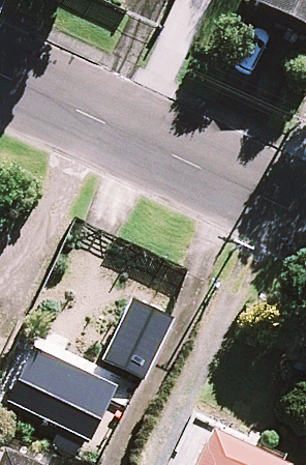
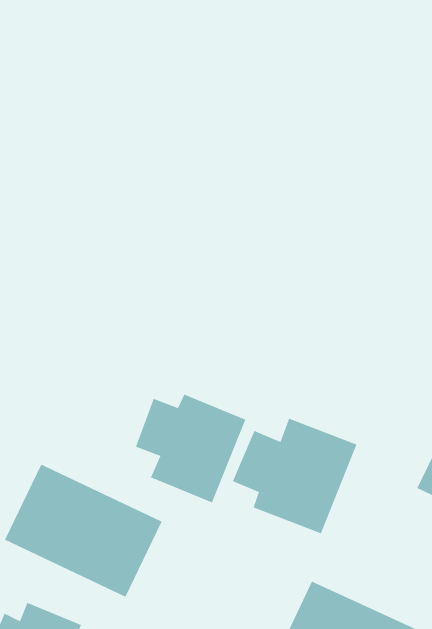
building: none -> [232,418,357,534]

